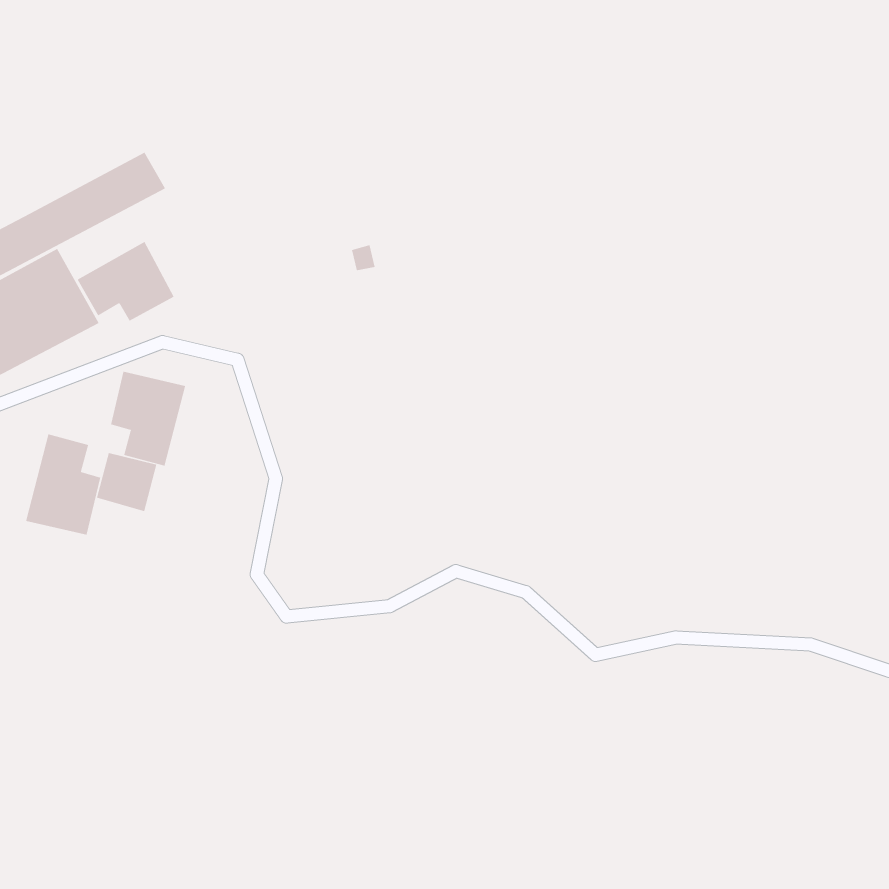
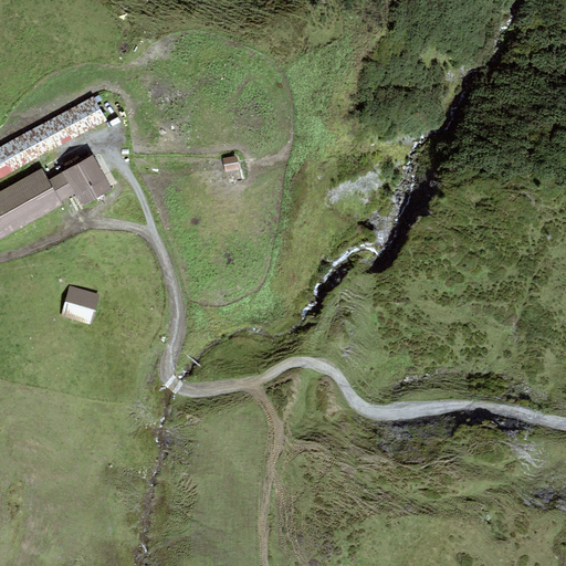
building: [110,371,186,467] -> none
building: [26,434,101,535] -> none

